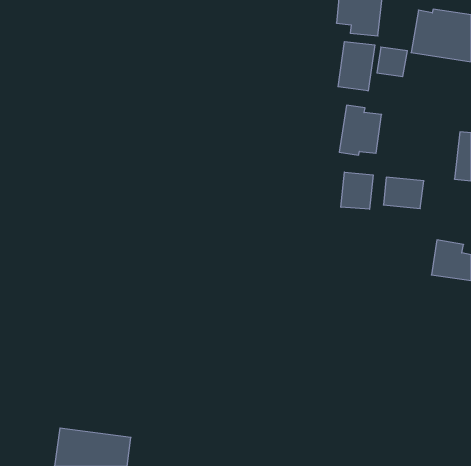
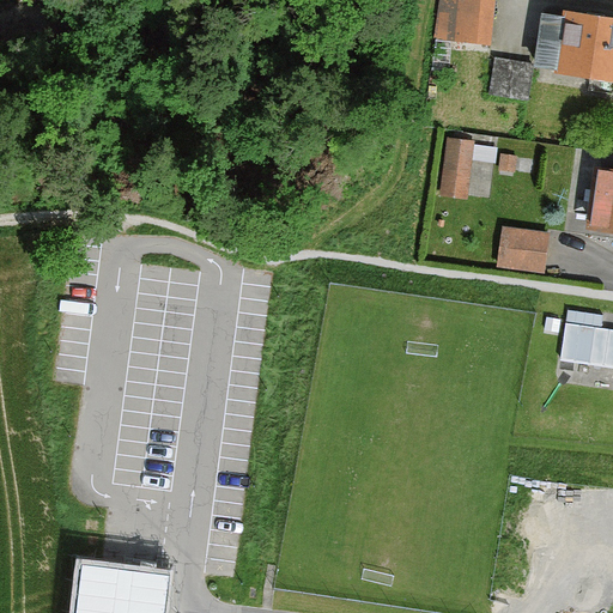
building: [338,42,375,91] -> none
building: [341,172,373,209] -> none

